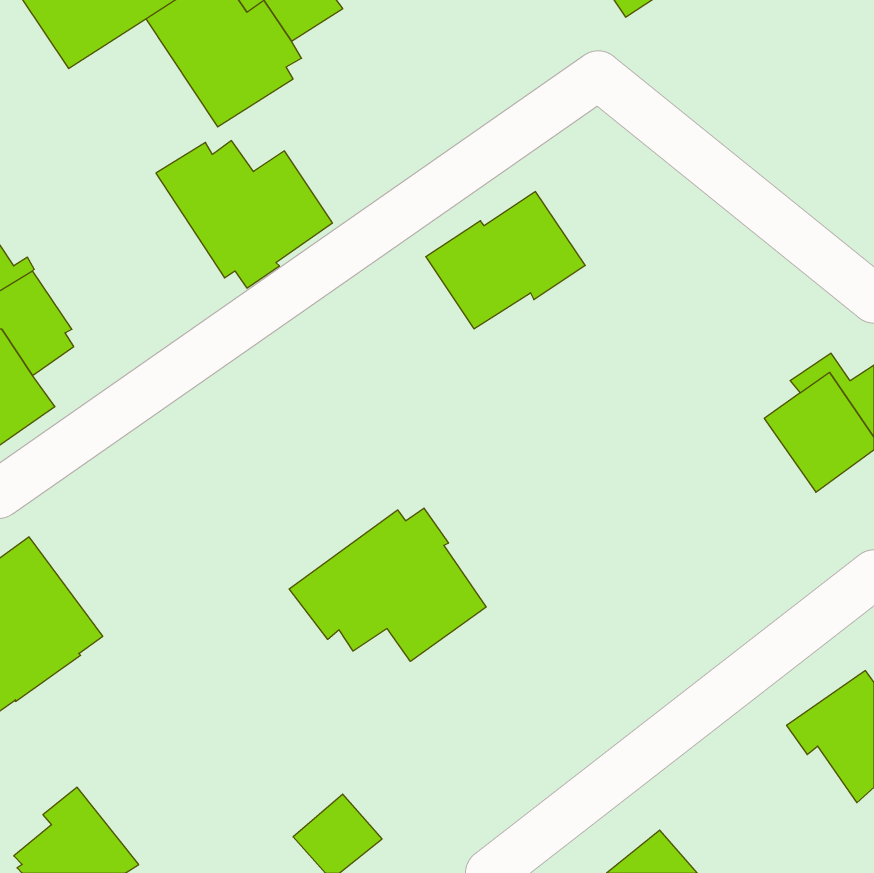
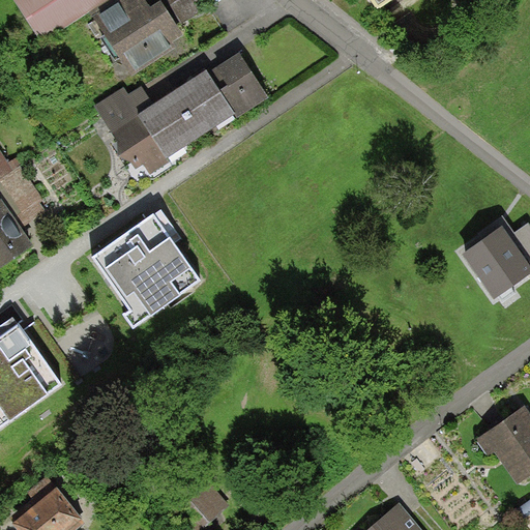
building: [426,192,585,329] -> [172,52,268,135]
building: none -> [91,210,200,329]
building: [289,508,486,661] -> none

